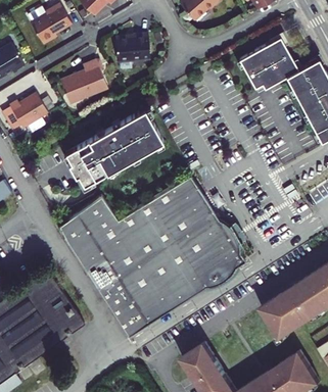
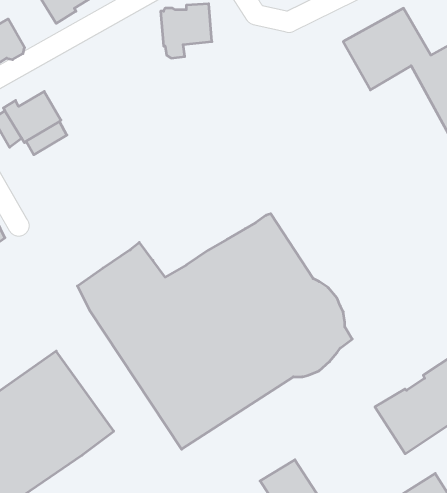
building: [59,61,107,105] -> none
building: [65,109,162,187] -> none

